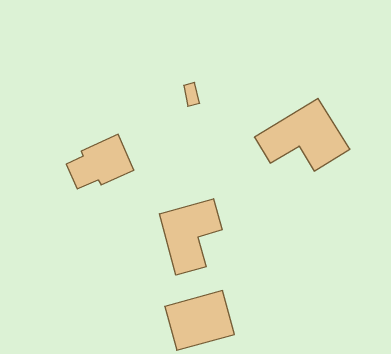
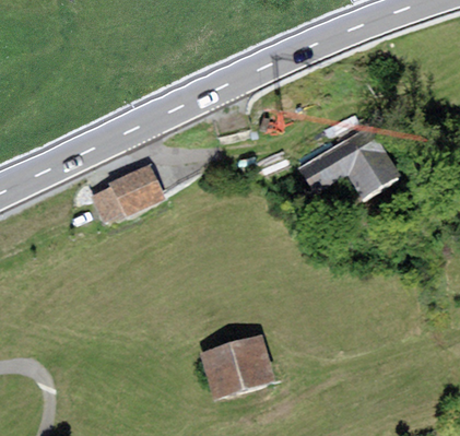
building: [159,199,222,275] -> none

